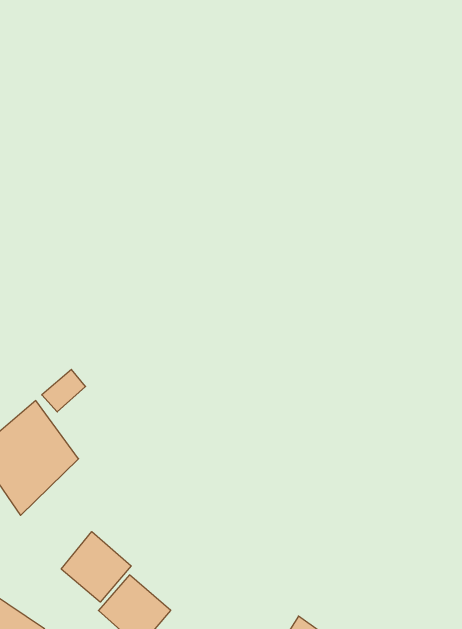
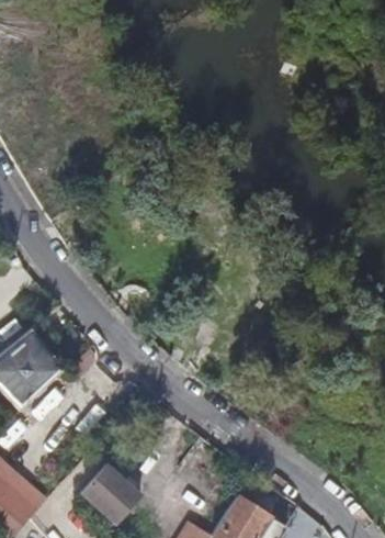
building: [61,532,131,602] -> none

